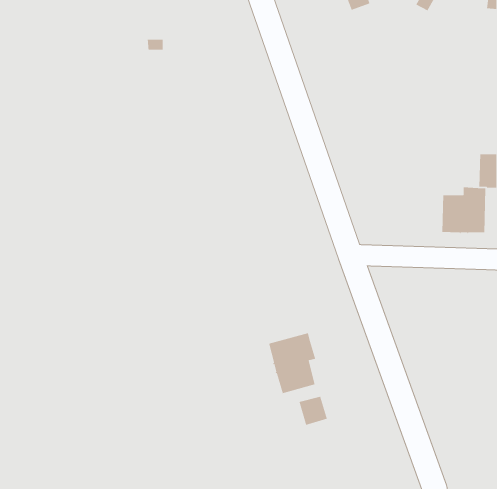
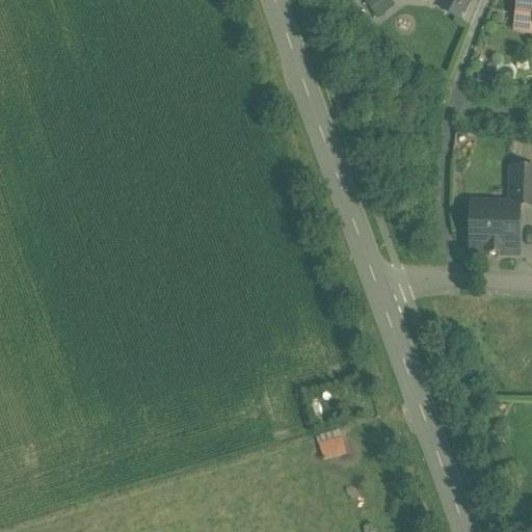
building: [268,332,316,394] -> none

